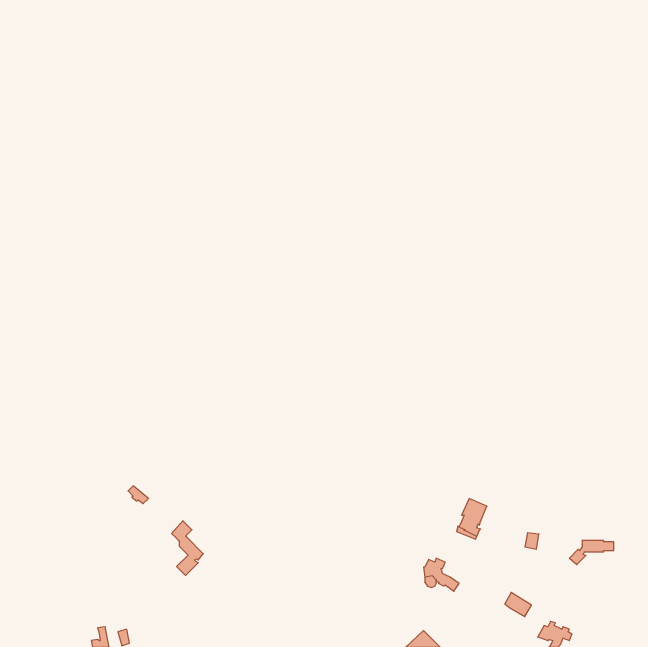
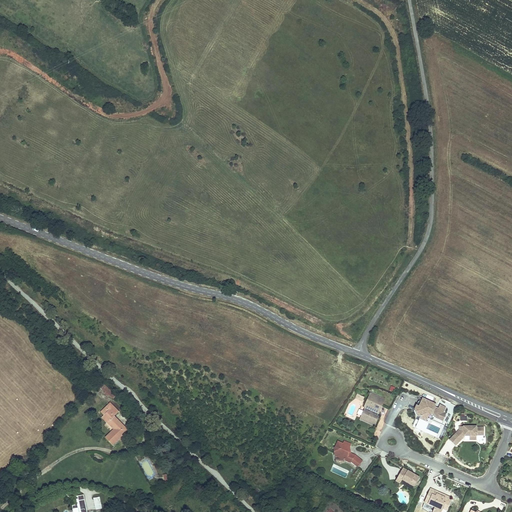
building: none -> [414,398,445,420]
building: [172,521,203,575] -> [101,402,126,445]

